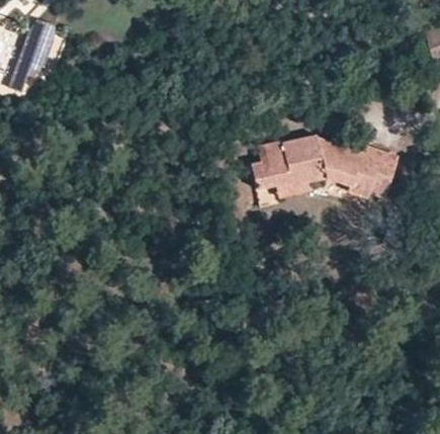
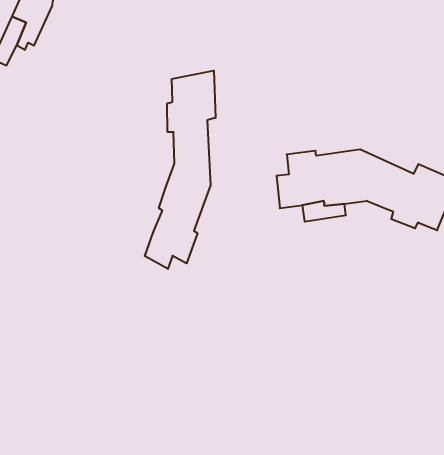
building: none -> [145,71,216,269]

